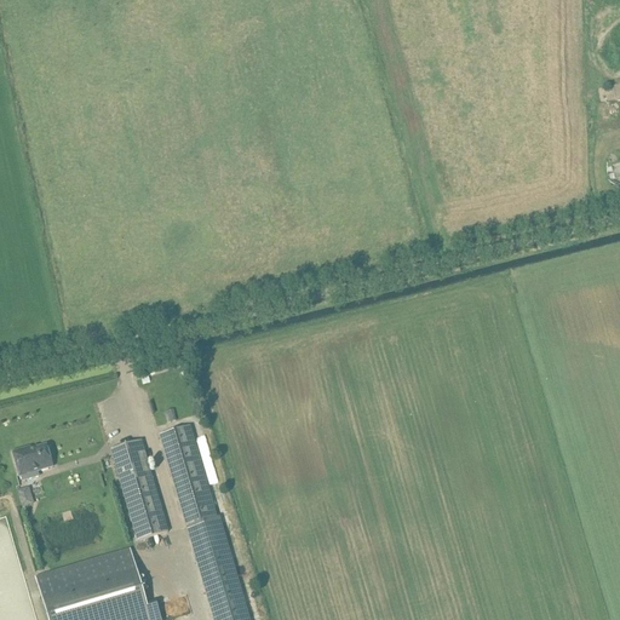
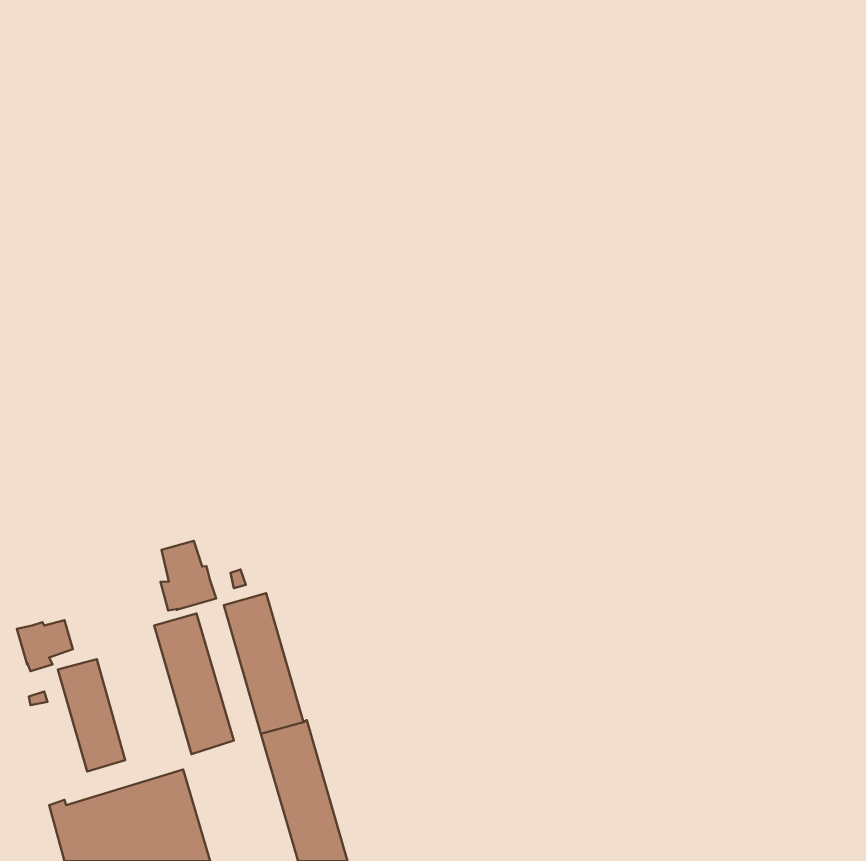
building: none -> [160,541,216,611]
building: none -> [58,659,125,771]

